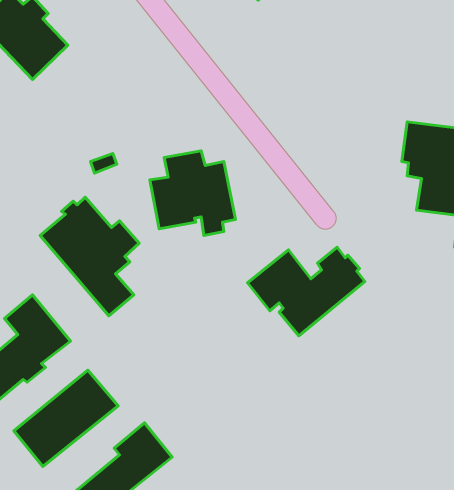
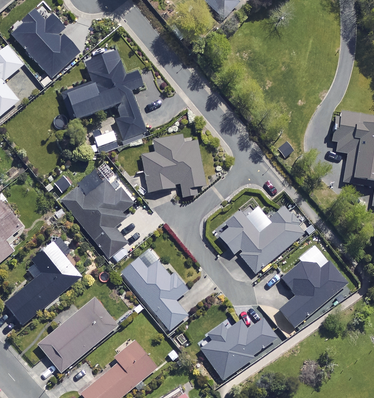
building: none -> [64,52,145,141]
building: none -> [119,257,188,330]
building: none -> [279,262,346,333]
building: none -> [200,317,279,380]

